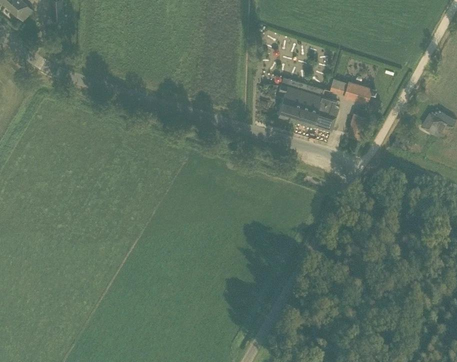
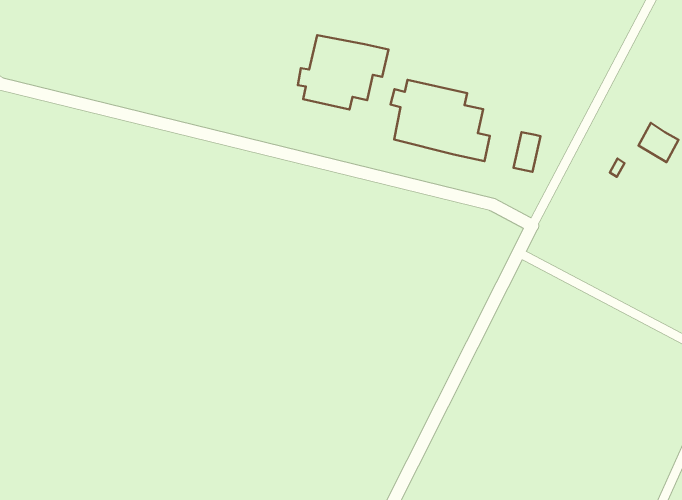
building: none -> [298,35,388,110]
building: [327,78,369,104] -> none

